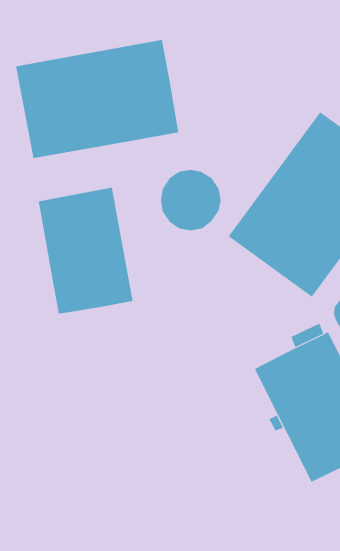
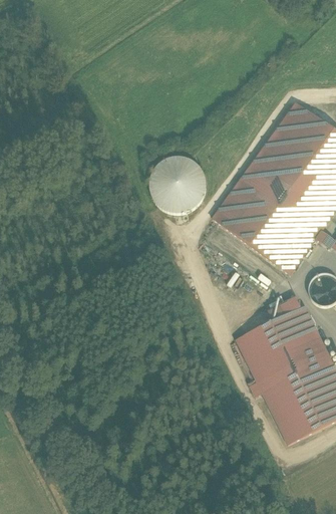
building: [16,39,179,159] -> none
building: [38,187,133,315] -> none

